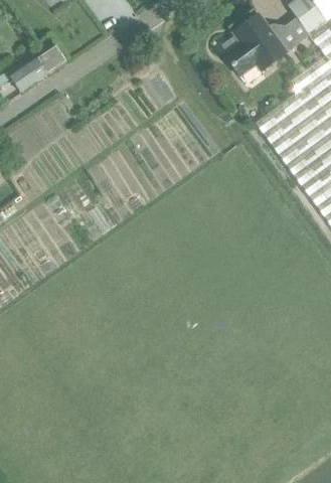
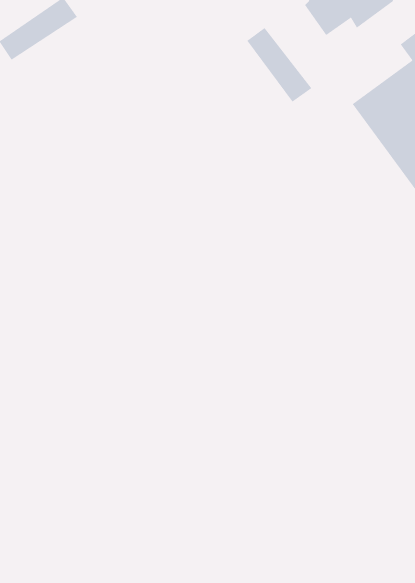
building: none -> [247,27,312,103]

